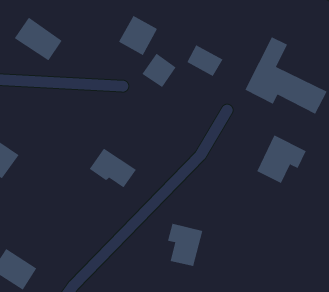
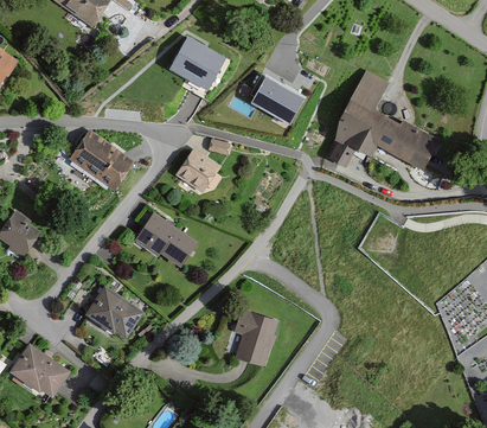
building: [14,17,63,61] -> [68,133,130,190]
building: [141,53,176,88] -> [174,149,219,194]
building: [256,135,306,184] -> none
building: none -> [84,287,142,340]

